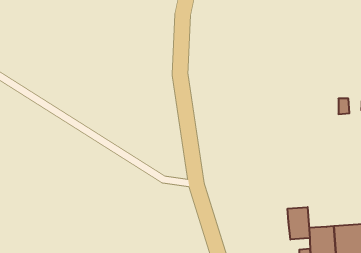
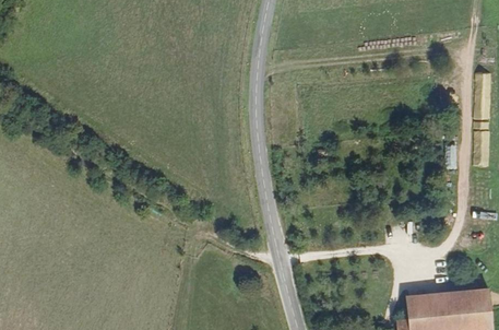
building: [288,207,310,240] -> none

